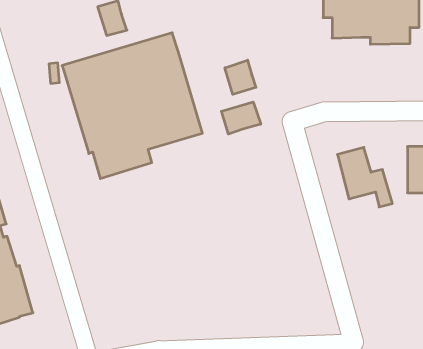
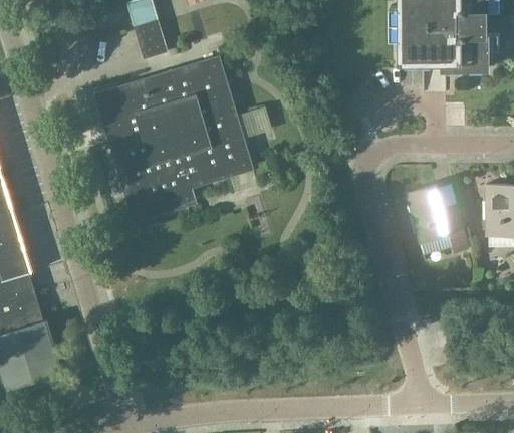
building: [225,60,256,94] -> none
building: [221,102,261,134] -> none

